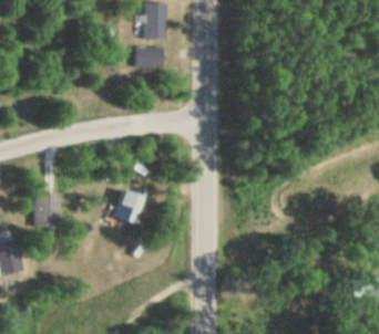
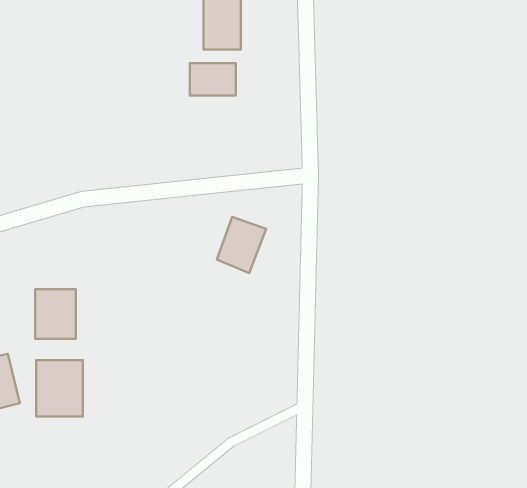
building: [113,188,145,225] -> [217,217,266,273]
building: none -> [36,360,83,416]

